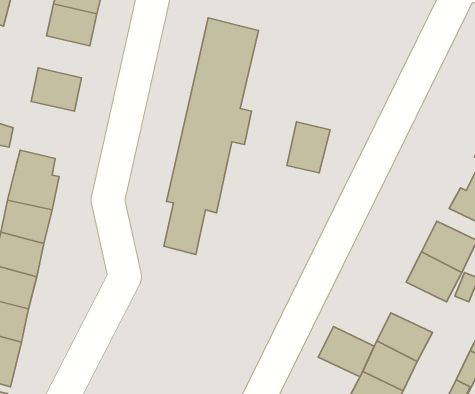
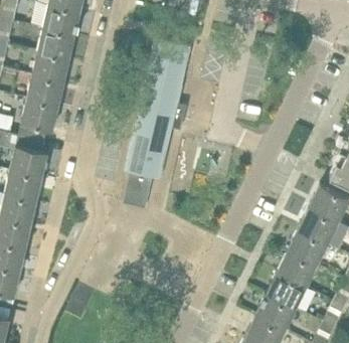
building: none -> [32,52,69,82]
building: none -> [19,100,58,141]
building: [287,122,330,173] -> none
building: [318,327,374,377] -> [287,230,327,267]

